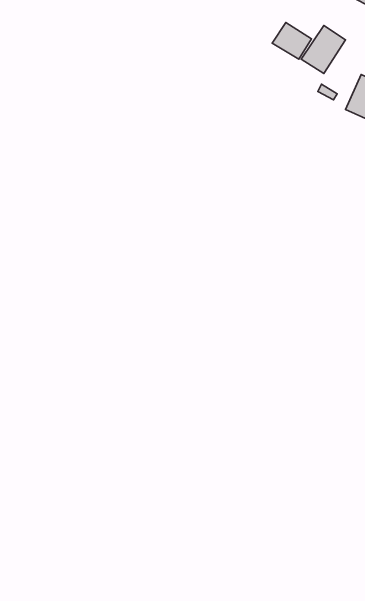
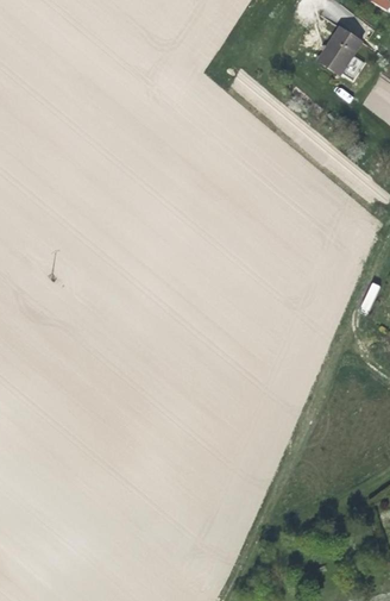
building: [272,22,311,59] -> none

